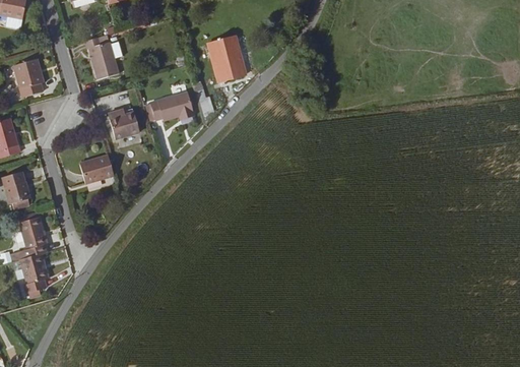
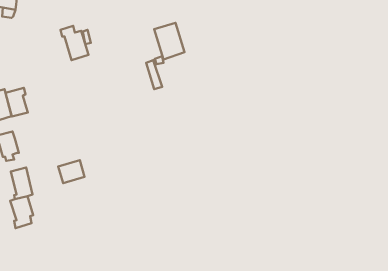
building: [14,59,43,96] -> [5,88,28,117]
building: [151,91,195,120] -> none
building: [110,113,140,139] -> none
building: [80,155,114,184] -> [58,160,85,183]

